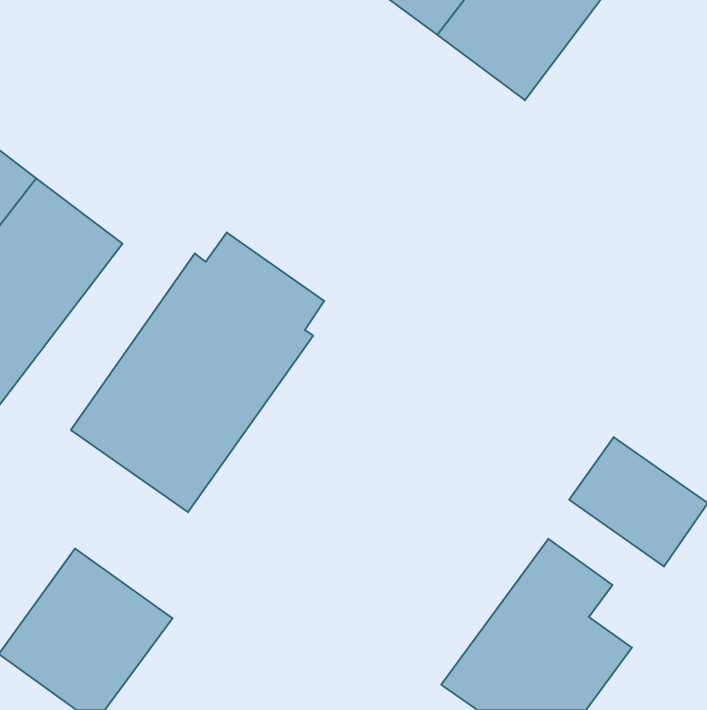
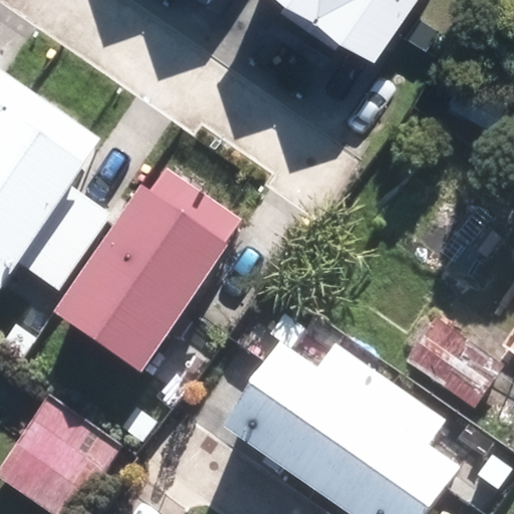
building: none -> [220,341,396,494]

